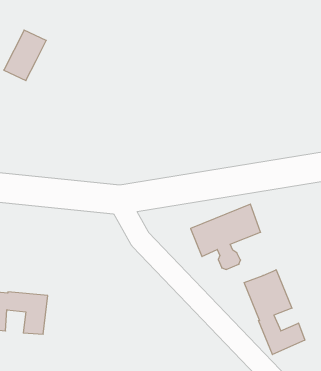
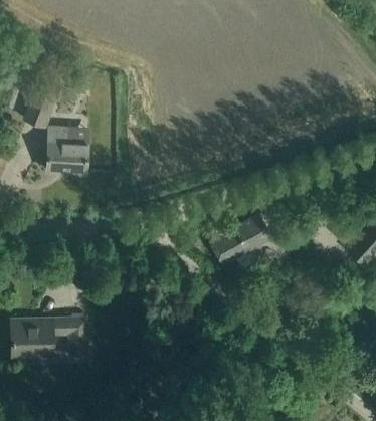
building: none -> [46,127,87,173]
building: [244,270,305,355] -> none

